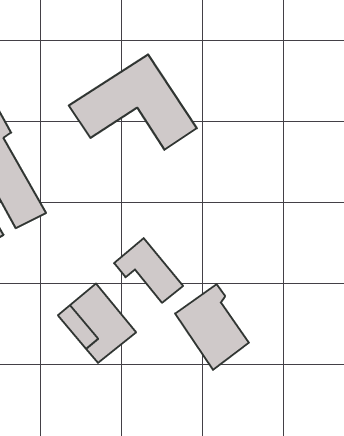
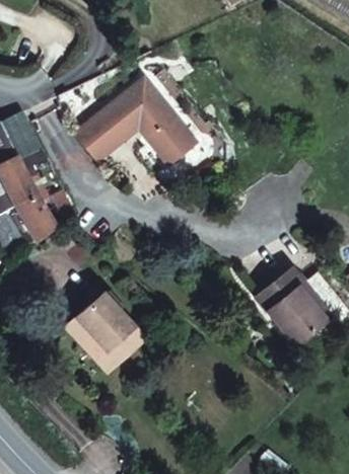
building: [114,238,183,303] -> none
building: [175,284,249,370] -> [249,267,318,347]

